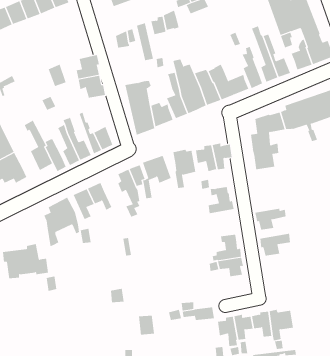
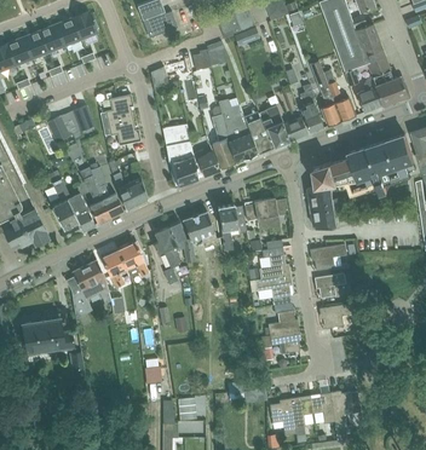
building: none -> [47,111,80,143]
building: none -> [310,244,346,271]
building: none -> [249,275,292,306]

